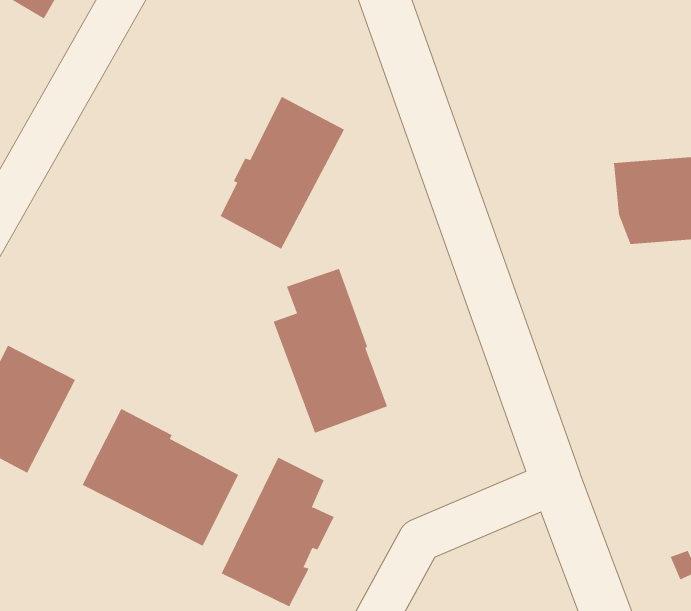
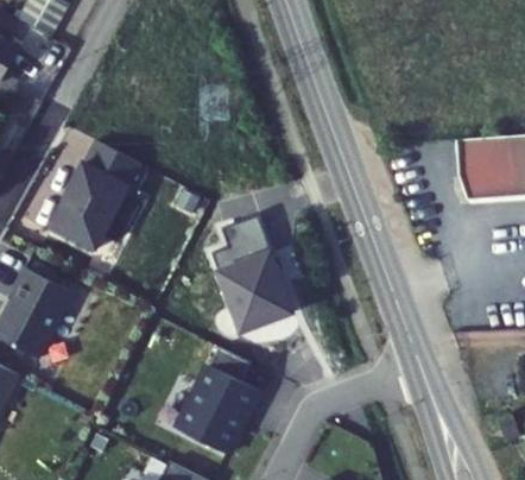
building: [220,96,345,250] -> [52,140,141,250]
building: [82,408,239,547] -> none

